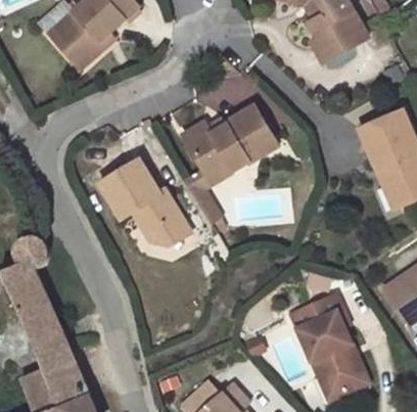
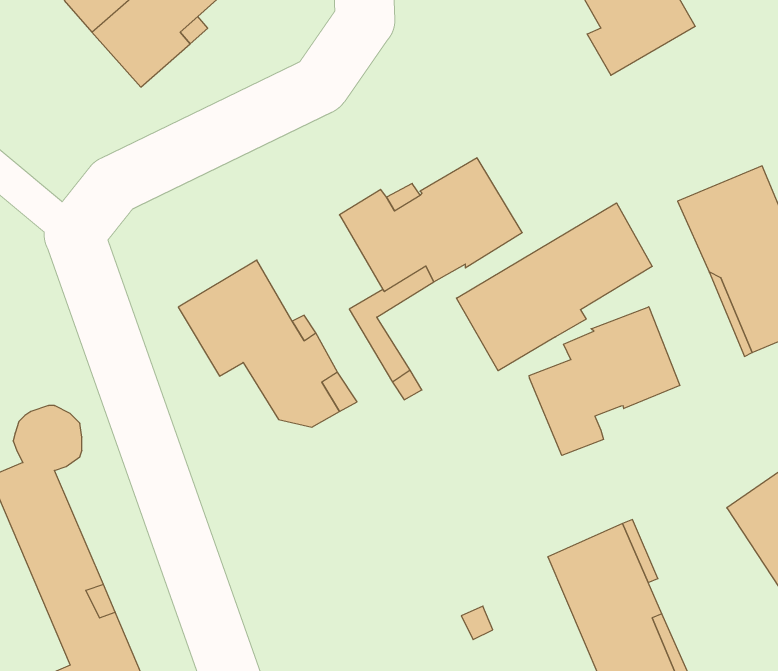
building: none -> [456,203,652,371]
building: none -> [529,307,680,455]

